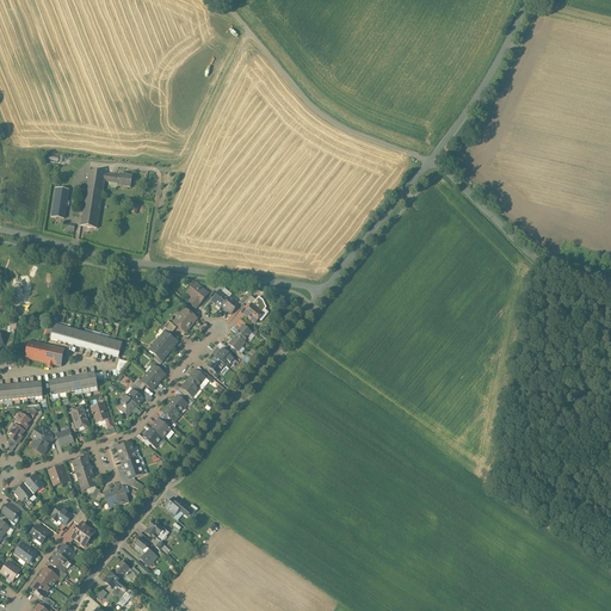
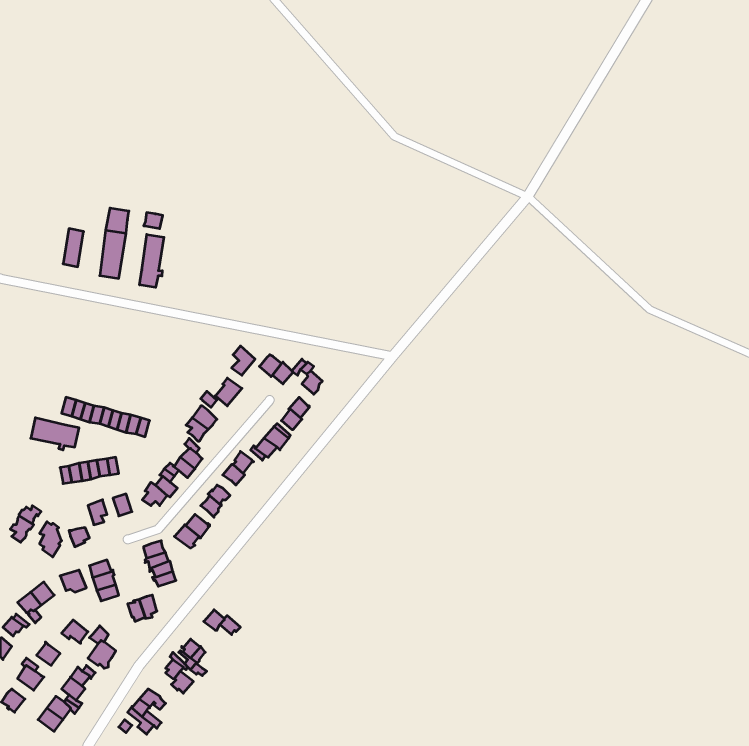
building: none -> [140,234,164,287]

